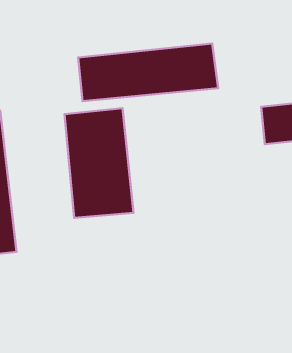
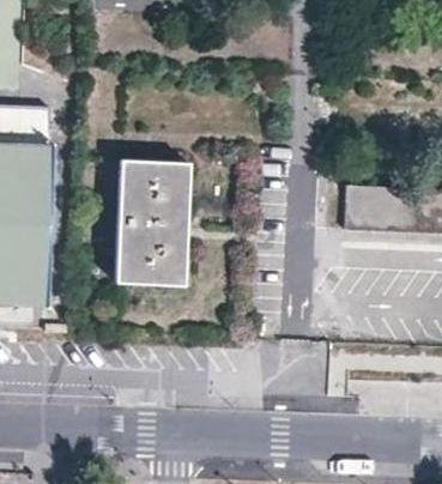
building: [78,44,218,101] -> none

